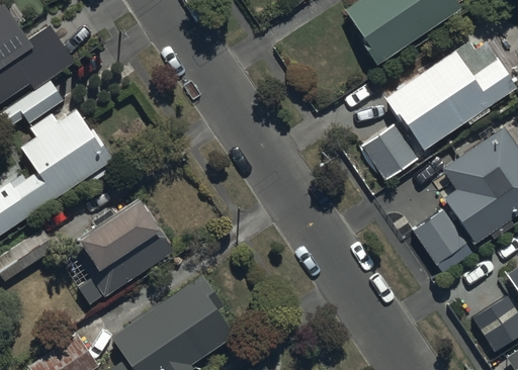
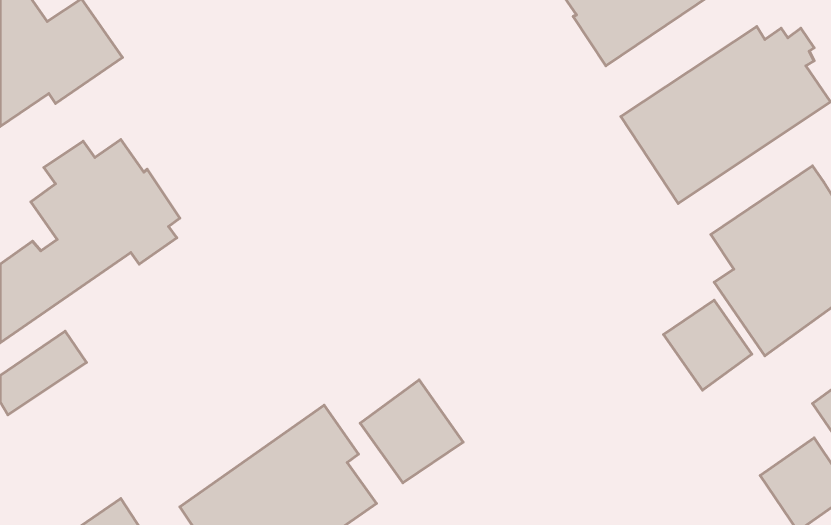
building: [359,124,417,182] -> none
building: [78,198,174,304] -> none
building: none -> [360,380,463,483]

